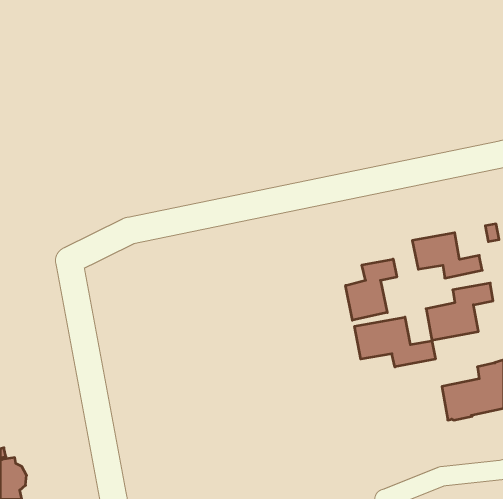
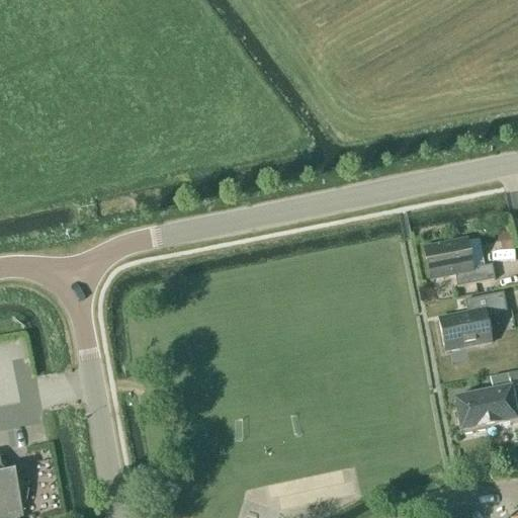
building: [346,259,397,320] -> none
building: [355,317,435,367] -> none

